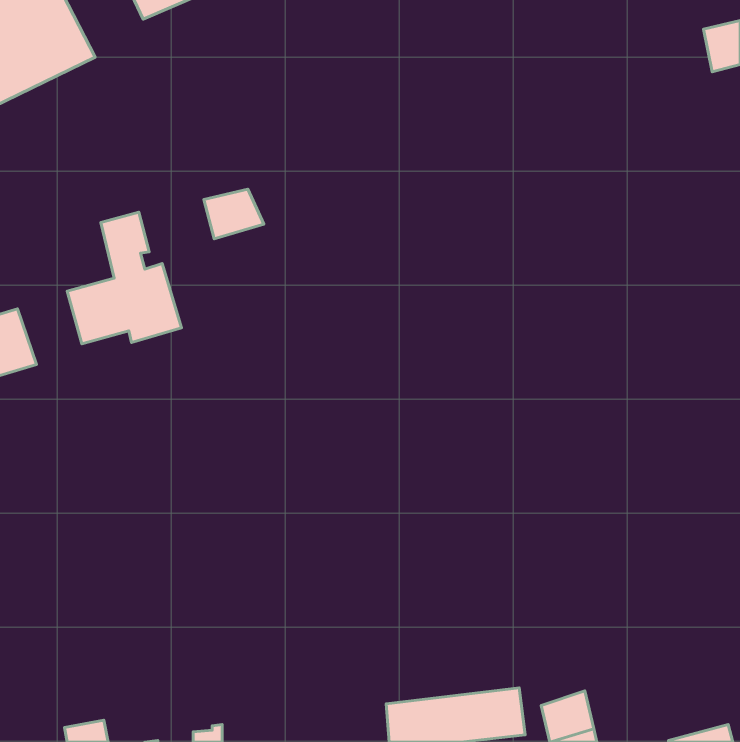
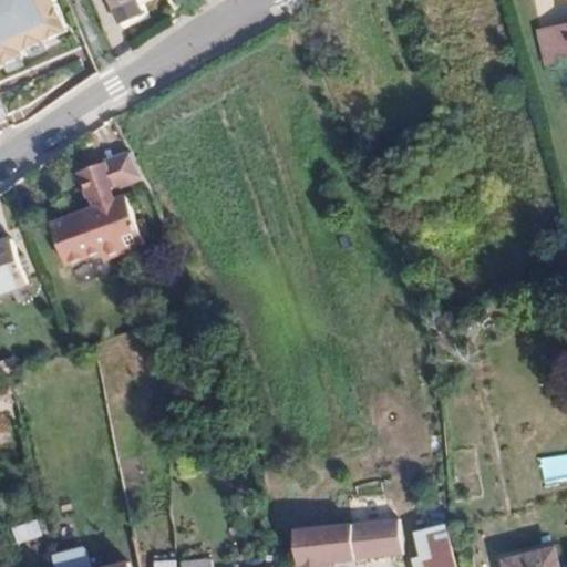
building: [204,189,264,239] -> [105,153,151,190]

